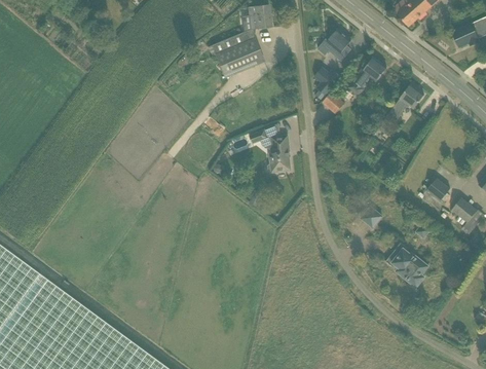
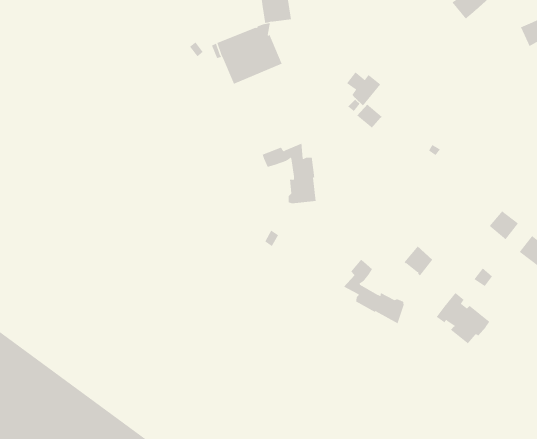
building: [317,30,351,57] -> none
building: [349,58,387,97] -> none
building: [390,84,424,120] -> none
building: none -> [343,259,404,324]

